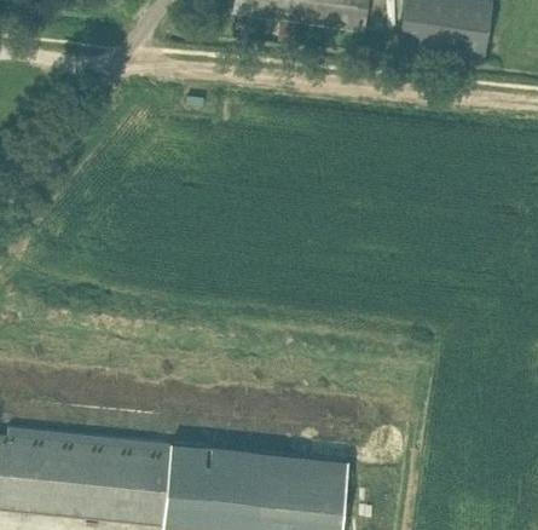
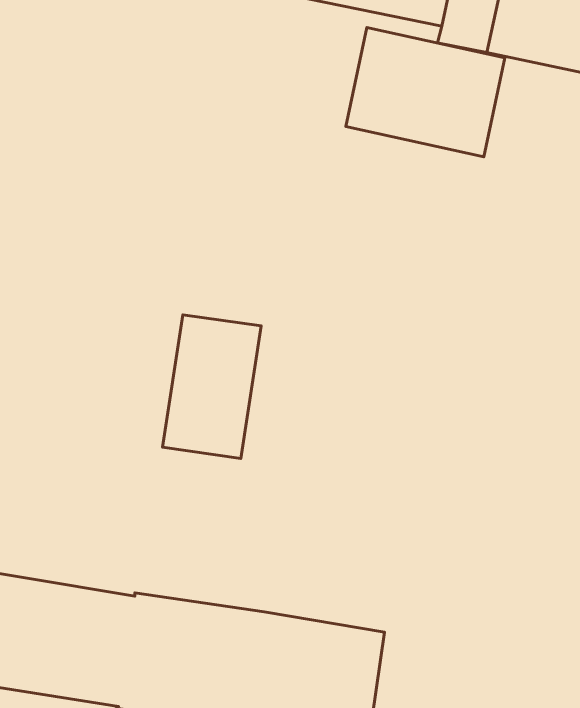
building: none -> [346,27,505,157]
building: none -> [162,315,261,458]

